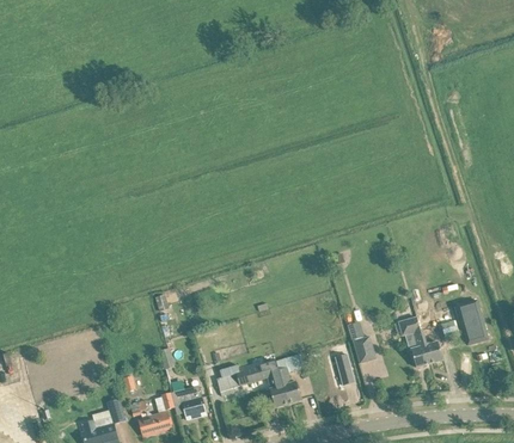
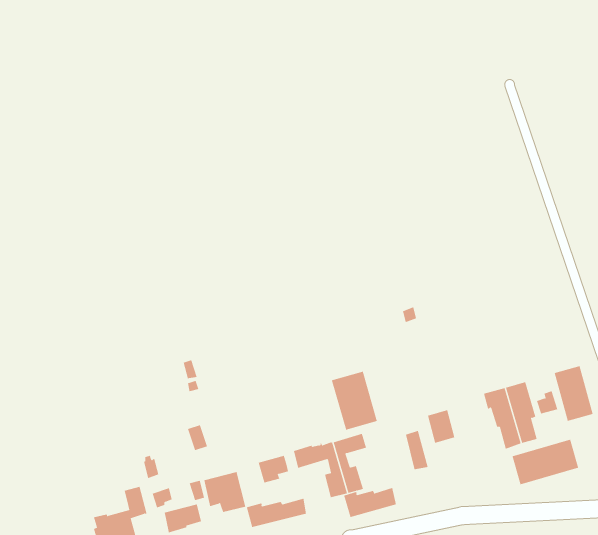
building: none -> [331,371,378,431]
building: none -> [512,439,579,485]
building: none -> [343,487,396,518]
building: none -> [246,498,307,528]

